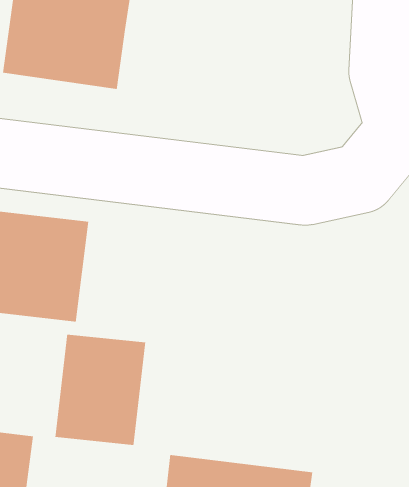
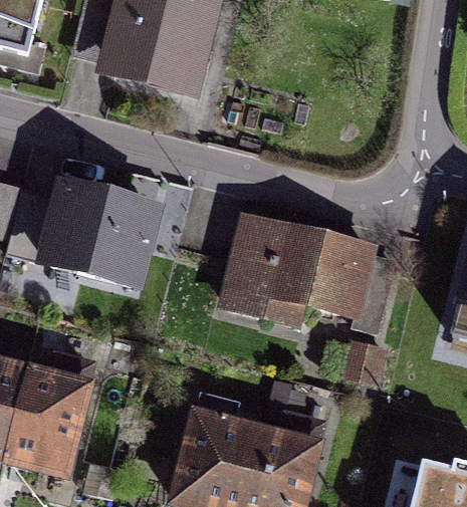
building: none -> [221,223,369,324]
building: [55,334,146,446] -> none

